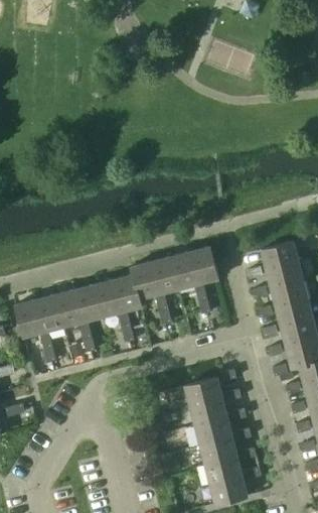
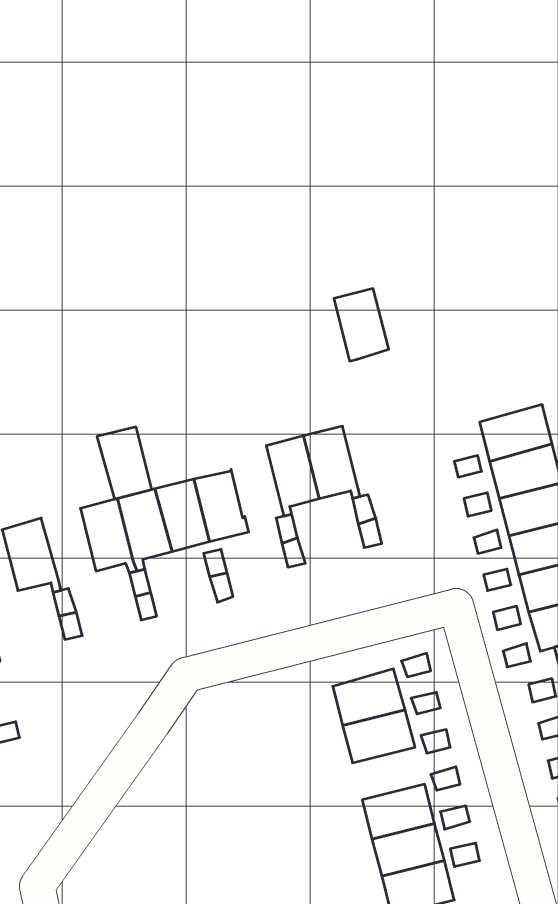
building: [190,247,218,284] -> [334,289,389,361]
building: [131,262,159,299] -> none
building: [35,294,63,332] -> [97,427,152,499]
building: [195,417,232,444] -> none

